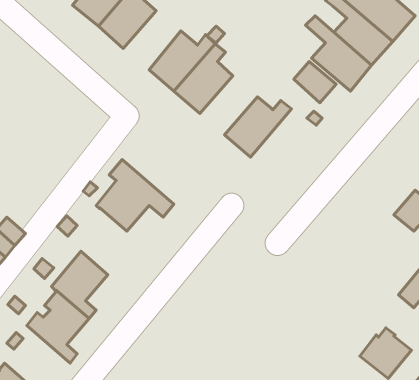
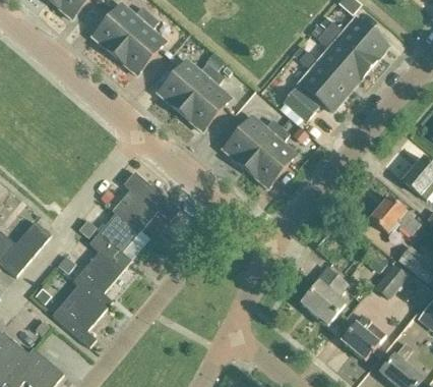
building: none -> [245,126,295,186]
building: none -> [88,212,138,270]
building: none -> [302,268,347,325]

